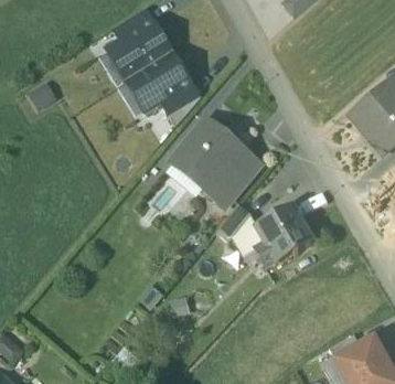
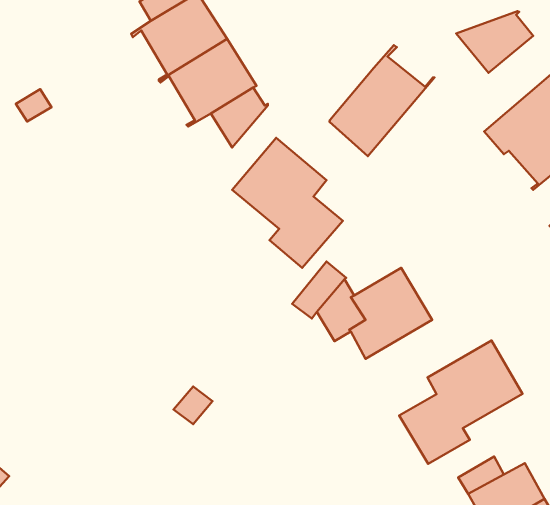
building: none -> [456,11,533,73]
building: none -> [329,45,435,156]
building: none -> [399,340,523,464]

